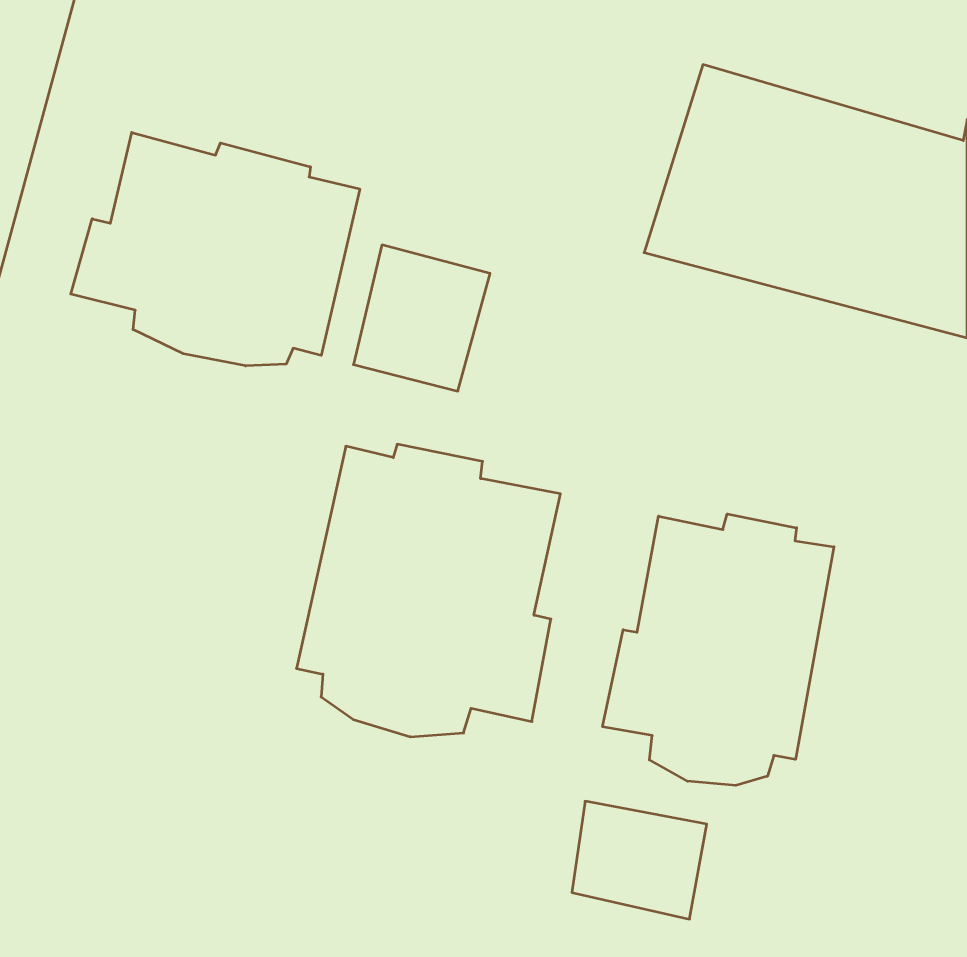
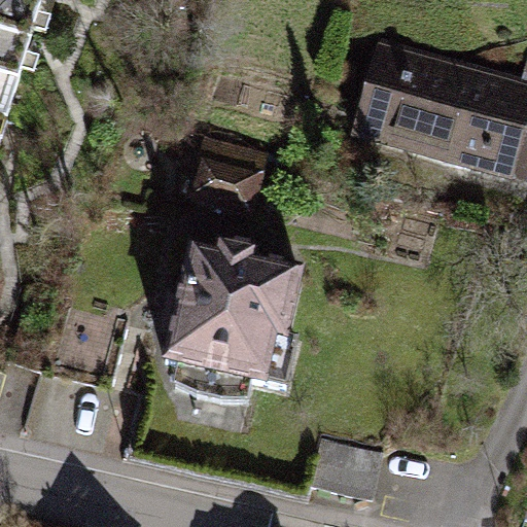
building: [71,132,360,366] -> none
building: [603,514,834,785] -> none

